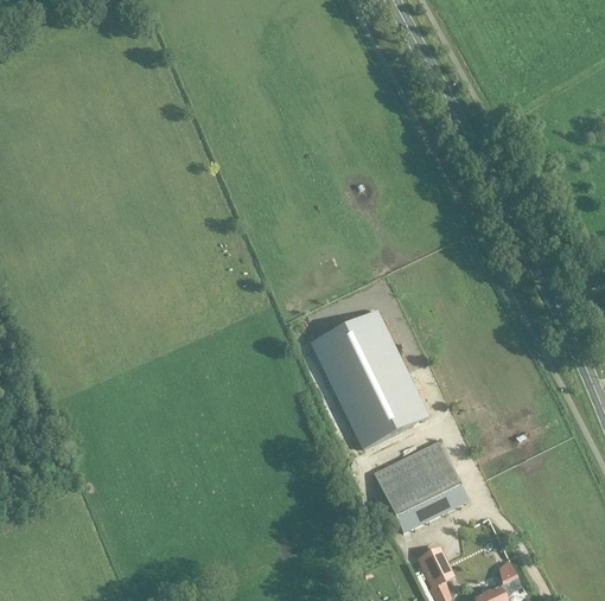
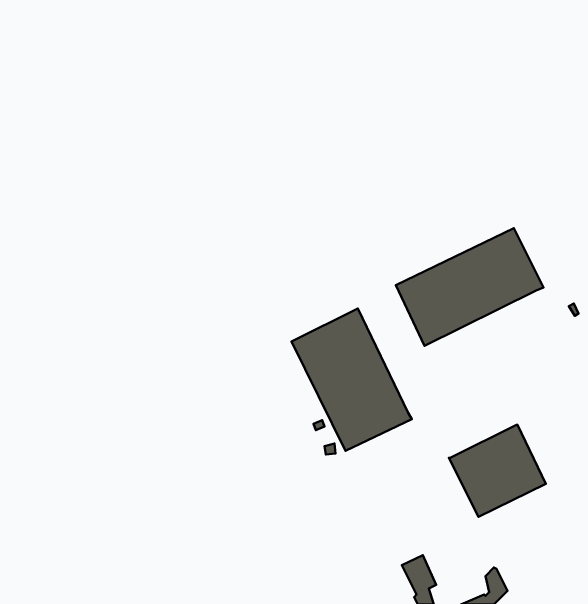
building: none -> [396,228,543,346]
building: [374,442,467,531] -> [449,425,546,517]

